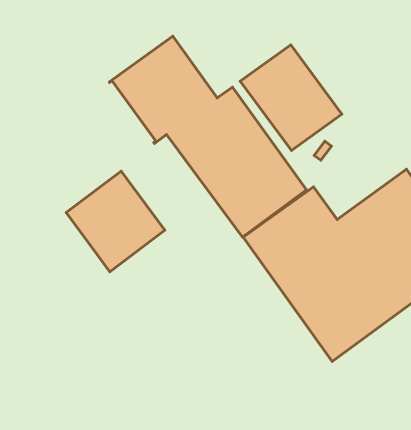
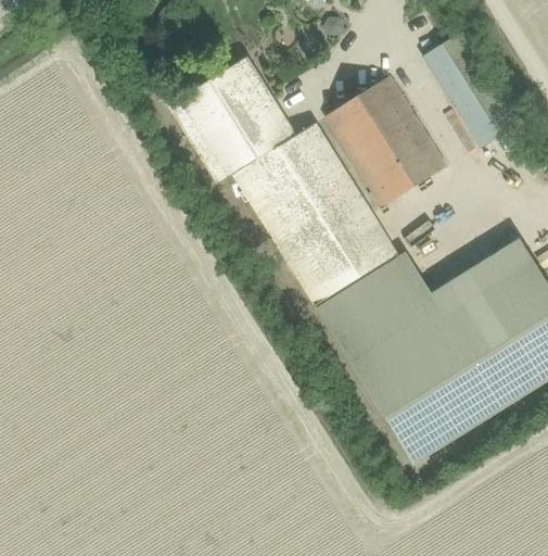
building: none -> [422,34,514,148]
building: [66,171,165,272] -> none

